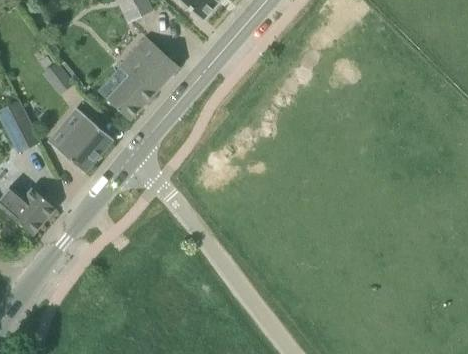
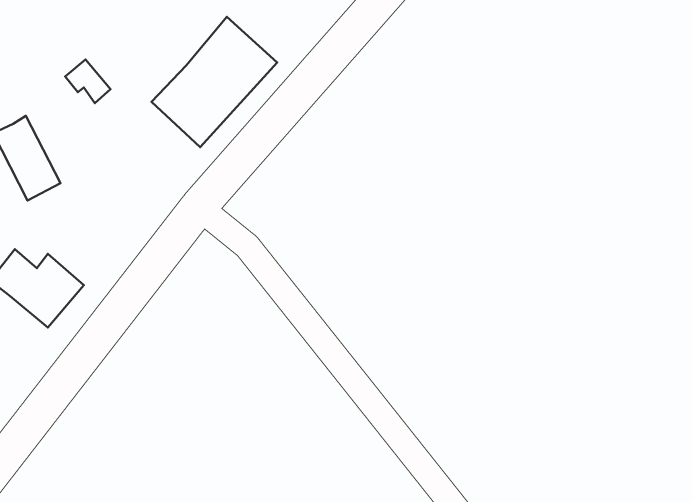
building: [47,106,113,172] -> none

